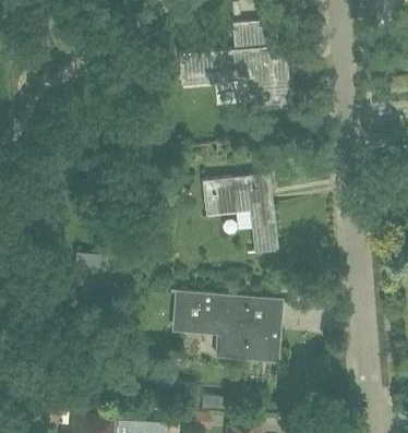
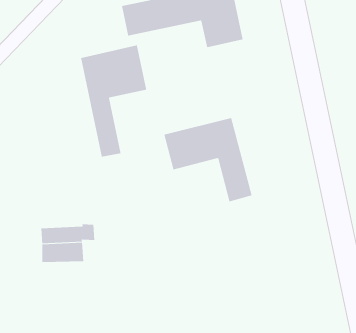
building: none -> [80,44,147,158]
building: [173,292,281,361] -> none

